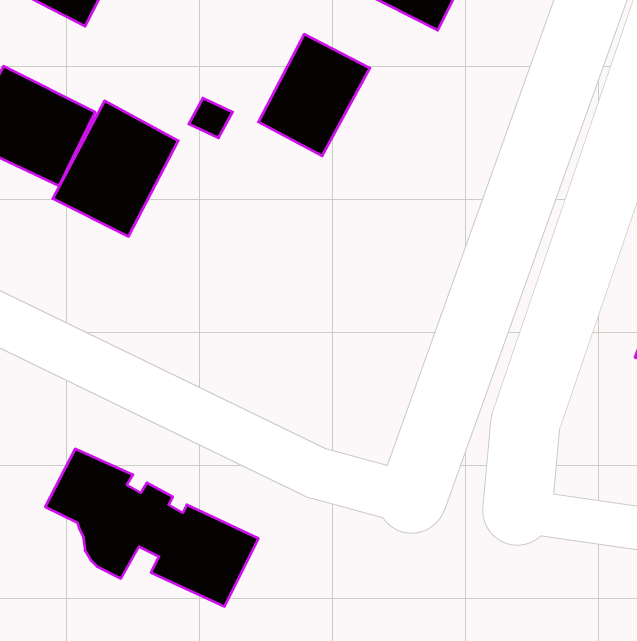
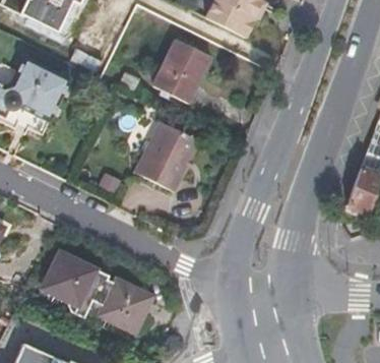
building: [53,101,178,236] -> [134,121,198,190]

